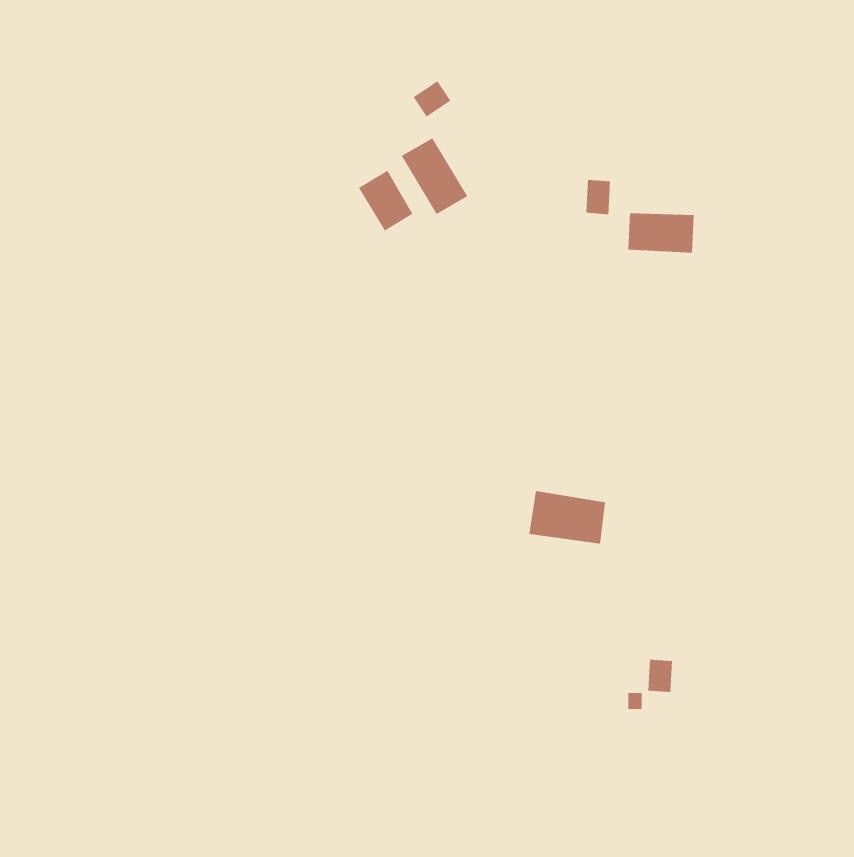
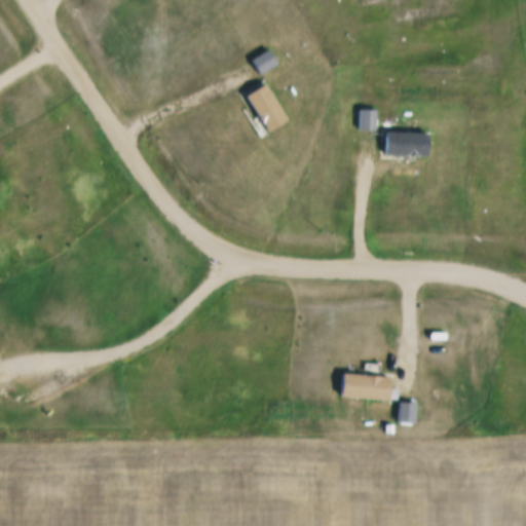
building: [358,170,413,231] -> none
building: [529,490,606,544] -> [341,370,388,403]

